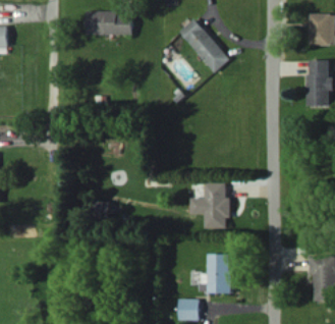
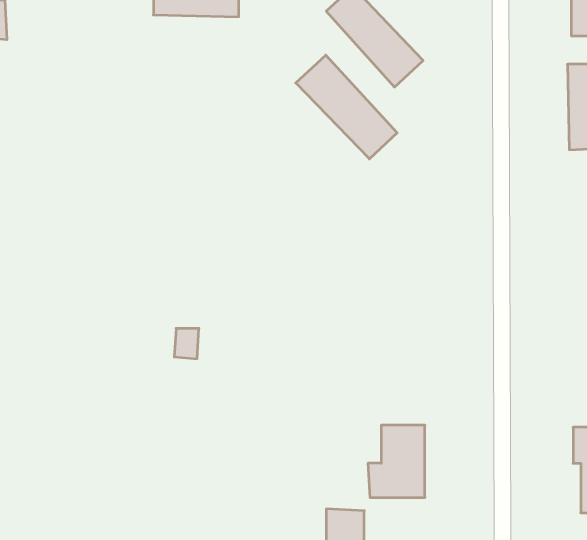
building: none -> [296,55,397,159]
building: [189,181,230,228] -> none

